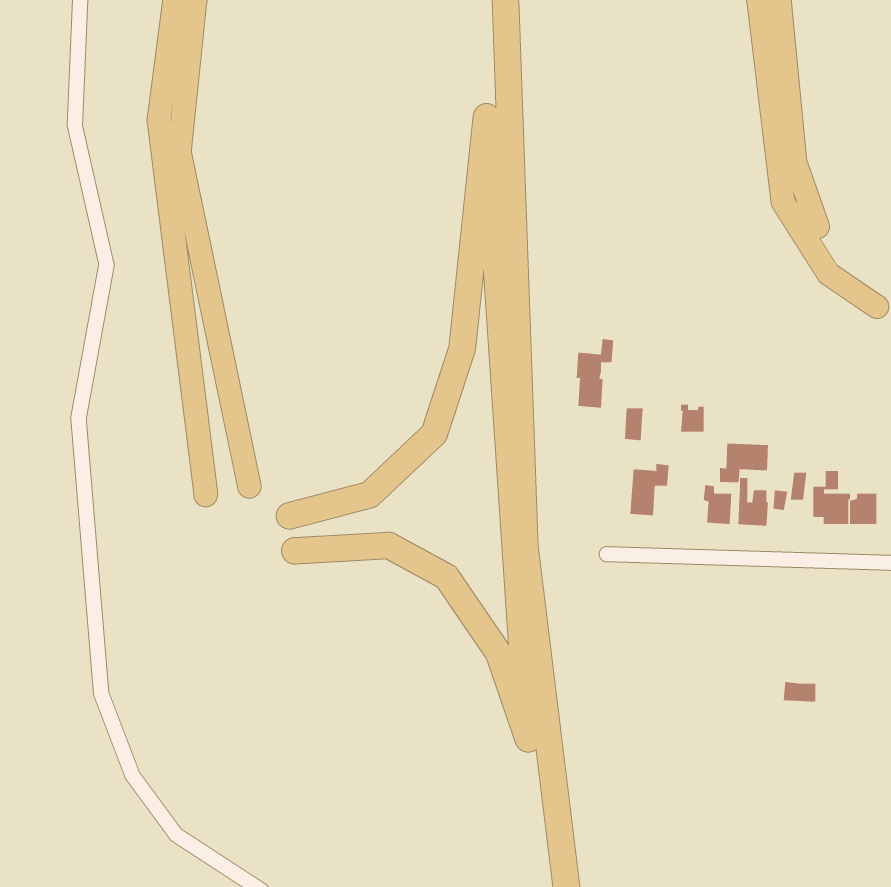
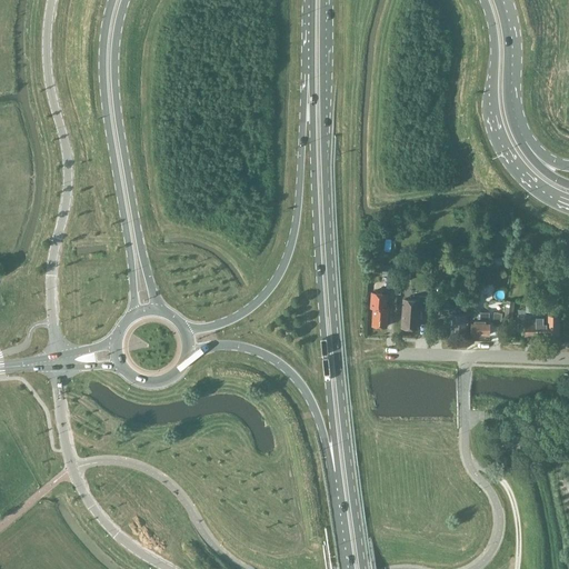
building: [576,338,614,408] -> [370,284,395,329]
building: [719,443,768,483] -> none

